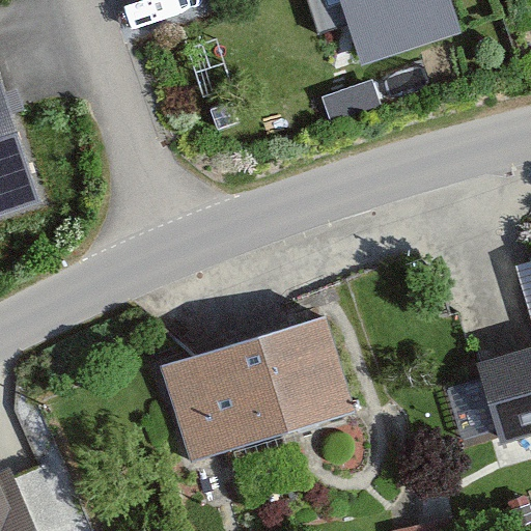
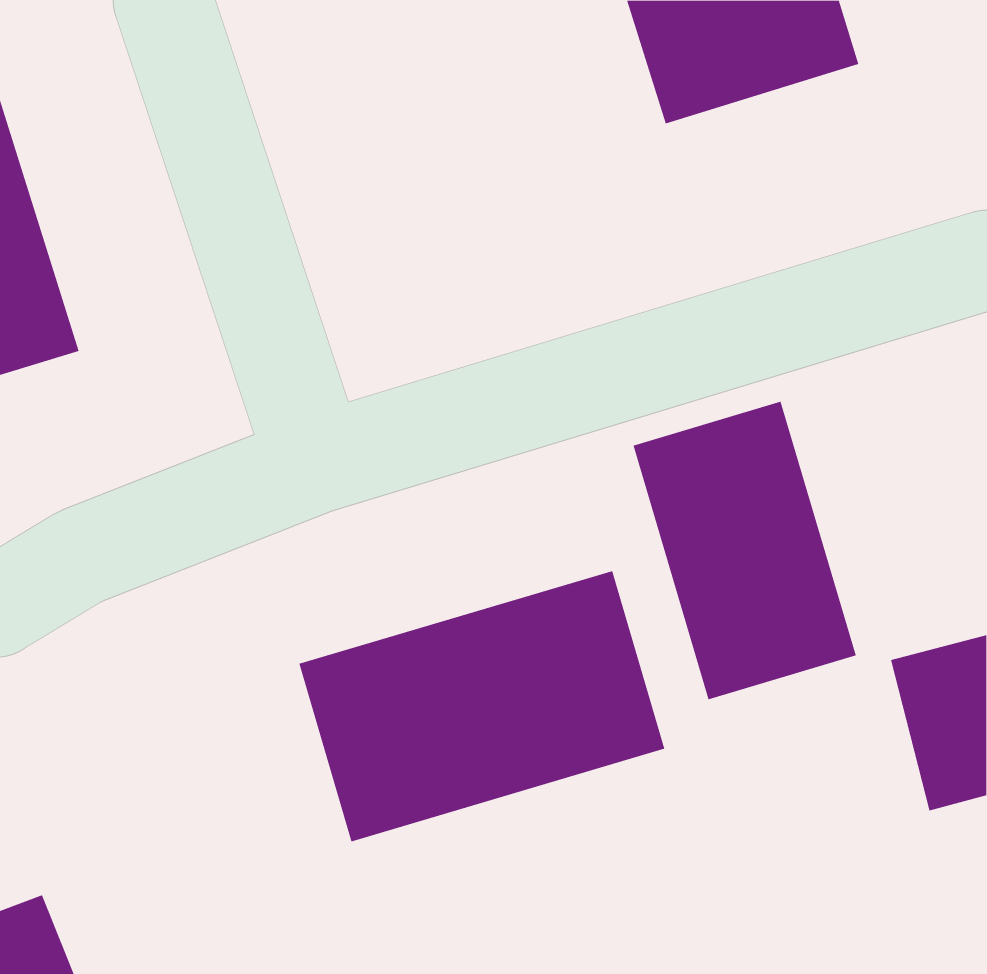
building: none -> [633,401,857,700]

